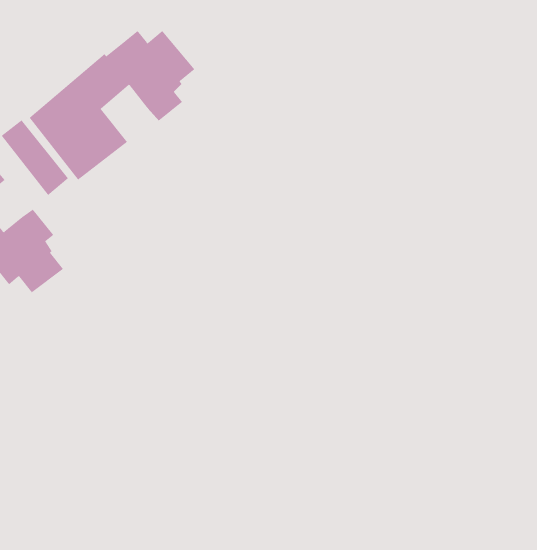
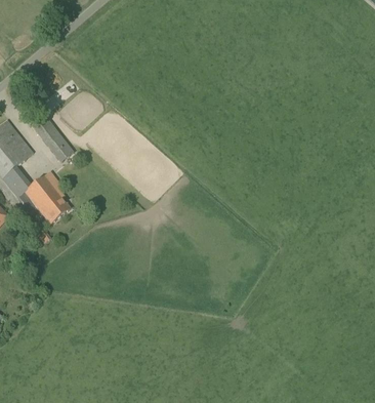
building: [29,30,195,180] -> none

